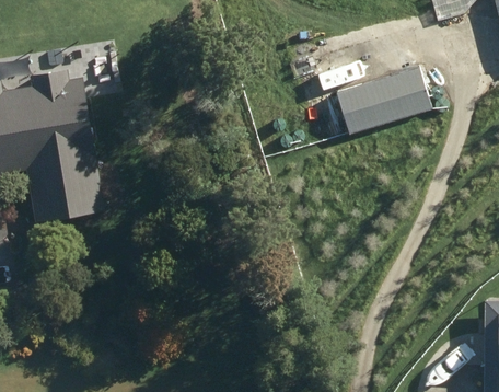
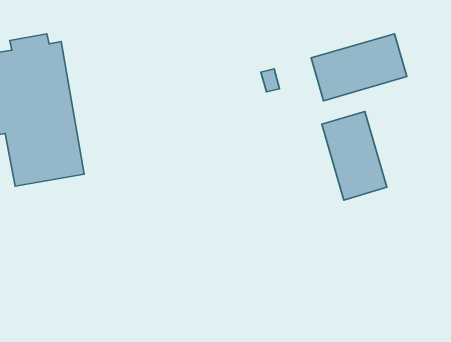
building: none -> [322,111,387,200]

